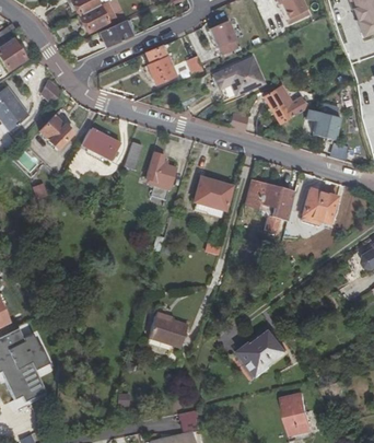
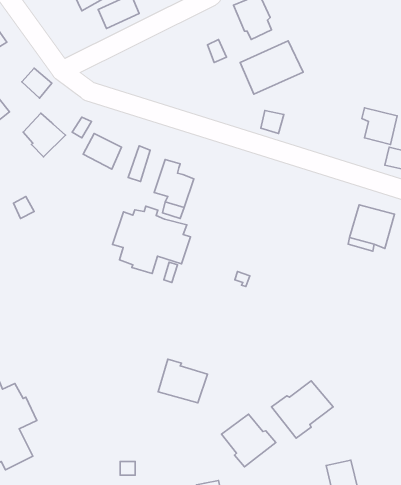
building: [147,45,176,83] -> none
building: [264,84,300,125] -> none
building: [195,179,233,210] -> none
building: [245,179,295,232] -> none
building: none -> [112,206,190,274]
building: none -> [221,414,276,467]

